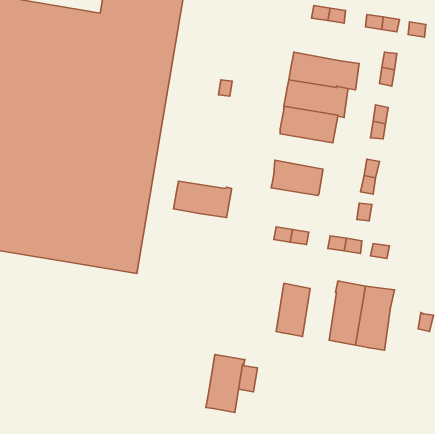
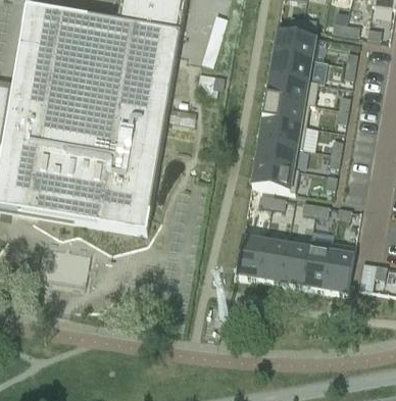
building: none -> [275,29,316,58]
building: none -> [259,117,306,148]
building: [174,181,231,217] -> [252,161,299,191]
building: none -> [282,243,309,285]
building: [206,355,245,412] -> [237,231,268,278]

